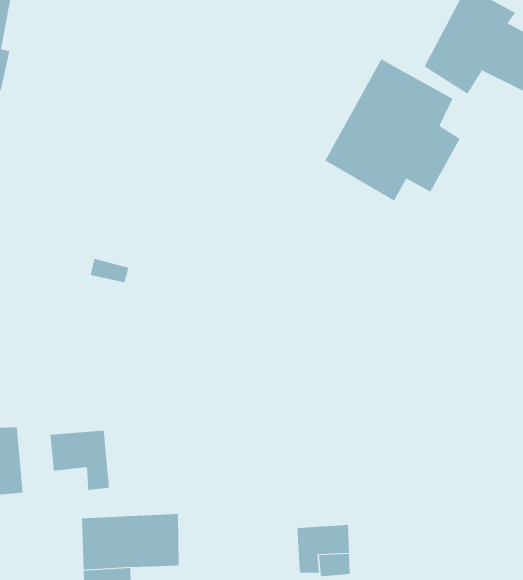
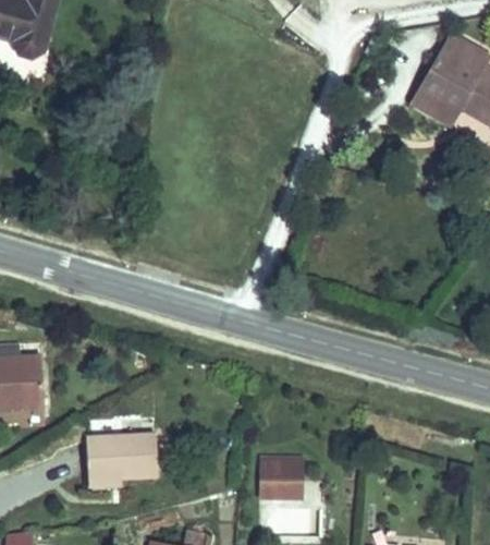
building: [324,58,461,201] -> none
building: [50,430,109,491] -> none

